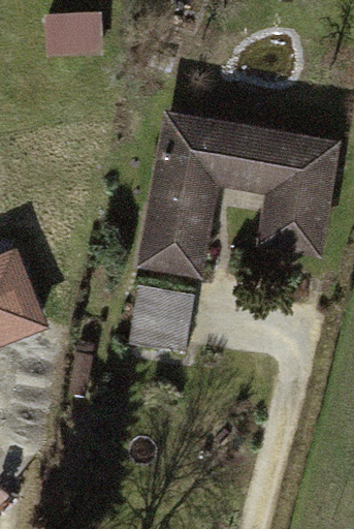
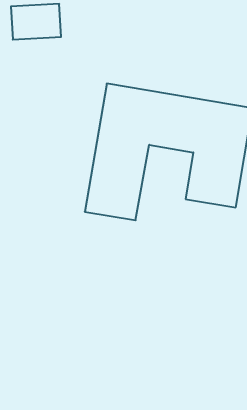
building: [132,287,196,354] -> none

